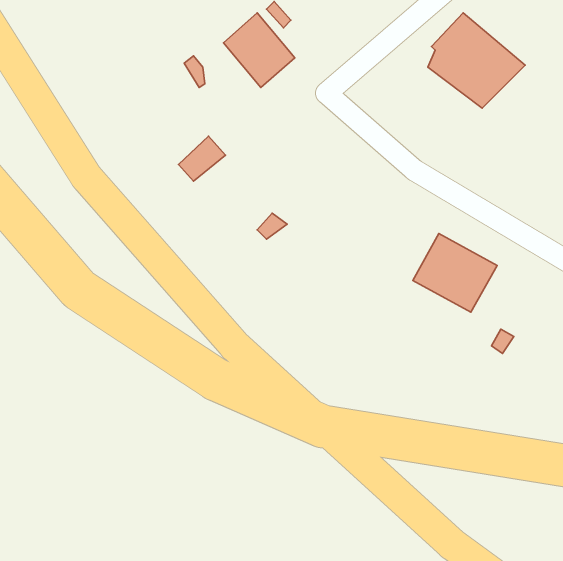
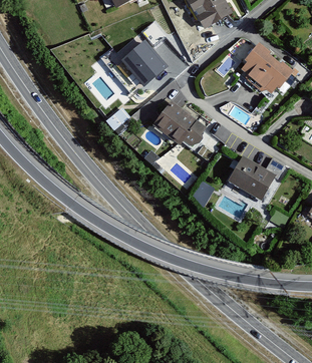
building: none -> [154,102,205,148]

